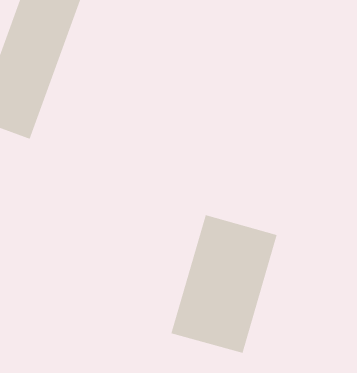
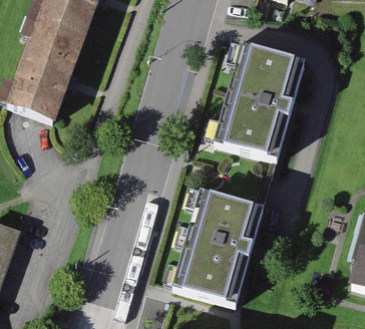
building: none -> [211,43,305,159]

